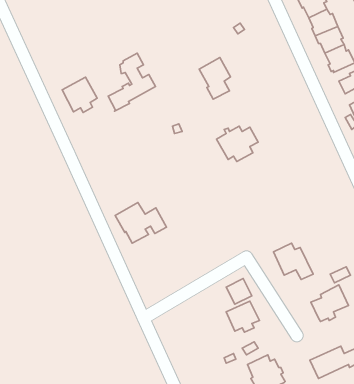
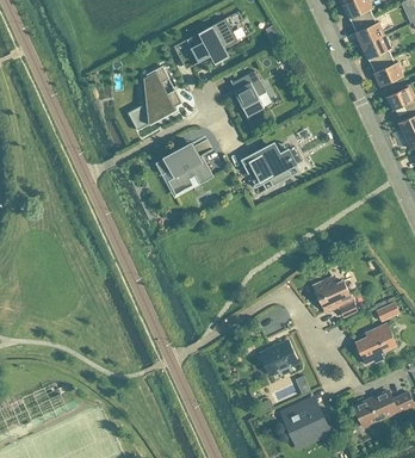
building: none -> [186,11,250,63]
building: [62,77,97,113] -> none
building: [115,202,167,243] -> [156,148,213,193]

